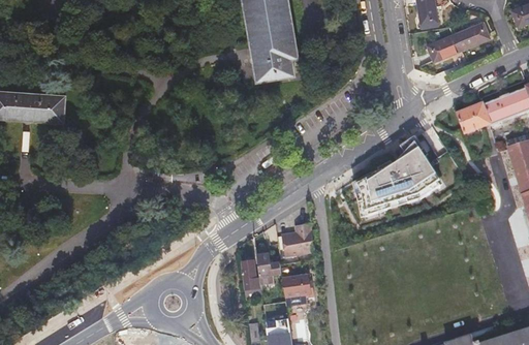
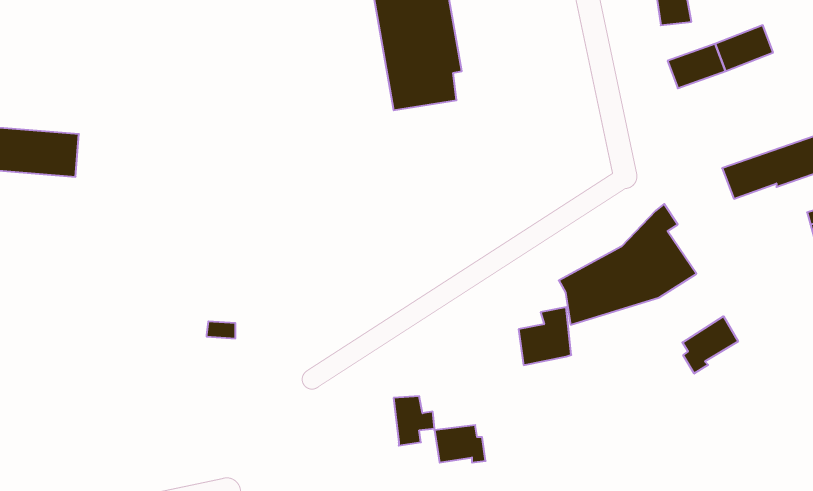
building: none -> [682,316,738,374]
building: [281,222,313,257] -> [519,307,571,365]
building: [242,258,261,299] -> none

